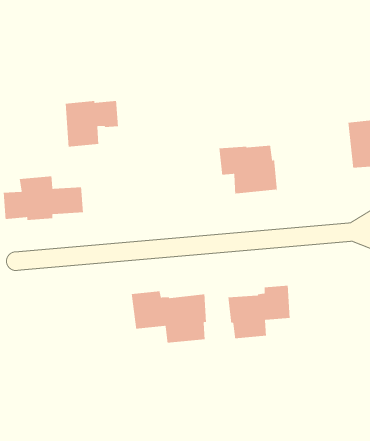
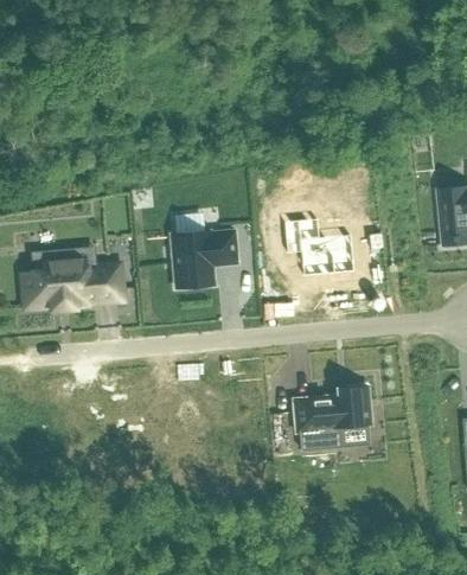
building: [65,100,119,148] -> [171,230,236,287]
building: [131,291,207,343] -> none

